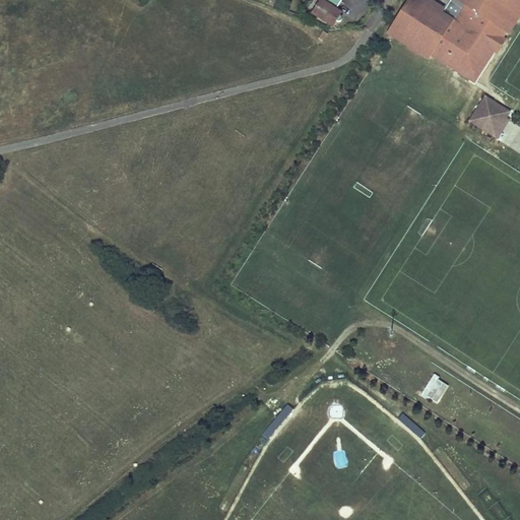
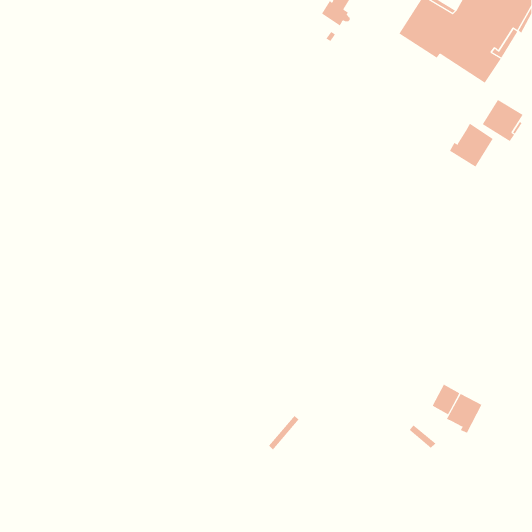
building: none -> [449,123,494,168]
building: none -> [446,393,482,433]

